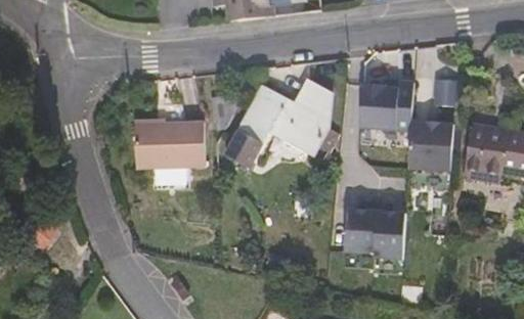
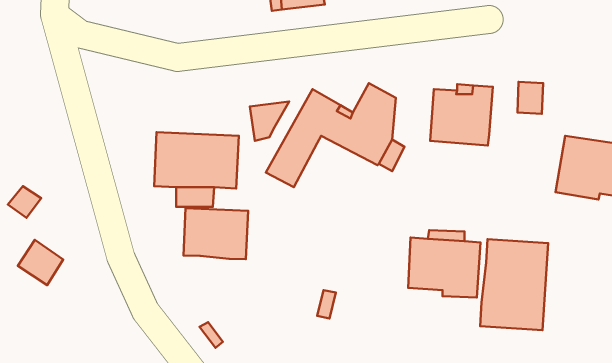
building: [407,123,452,171] -> none
building: none -> [183,208,248,259]
building: none -> [480,239,548,330]

